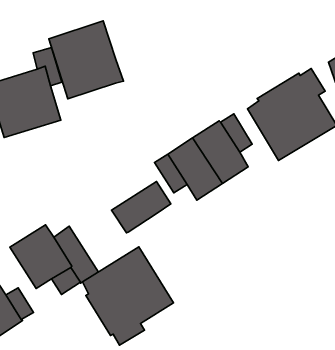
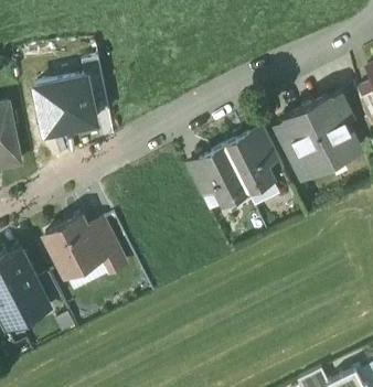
building: [49,21,124,99] -> none
building: [111,182,171,233] -> none
building: [83,247,174,345] -> none

